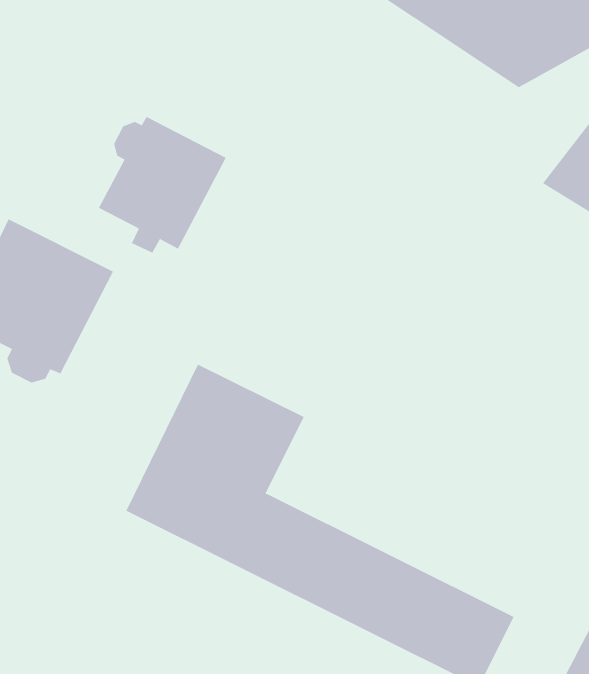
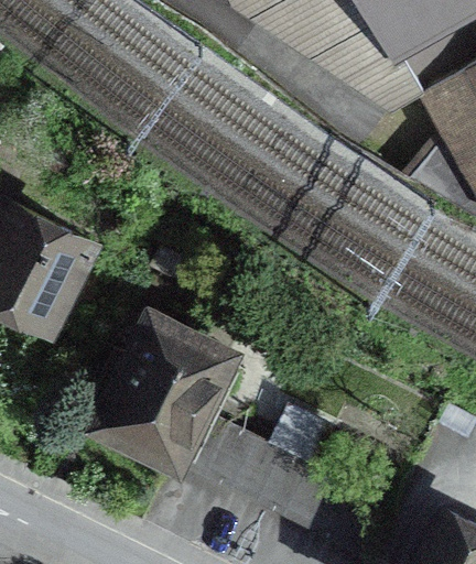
building: [98,116,227,253] -> none

